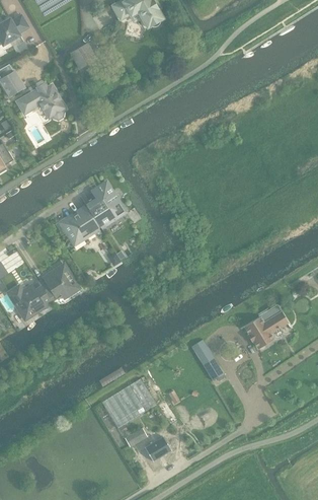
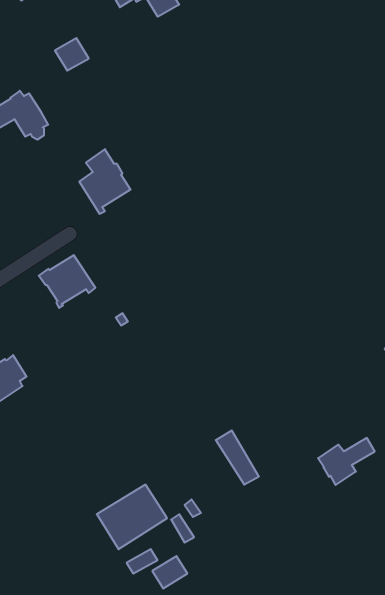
building: [85,181,124,229] -> [79,149,131,214]
building: [37,264,78,298] -> none
building: [243,311,286,347] -> [318,438,375,485]

